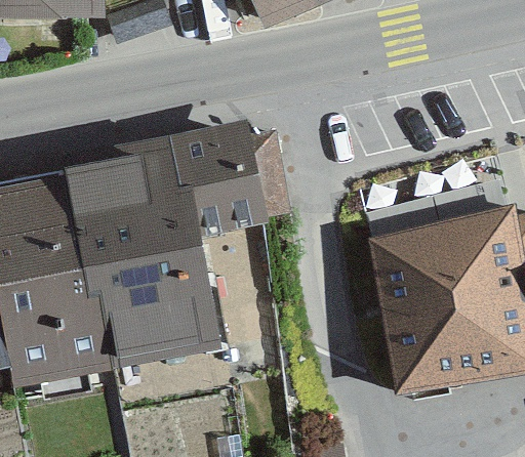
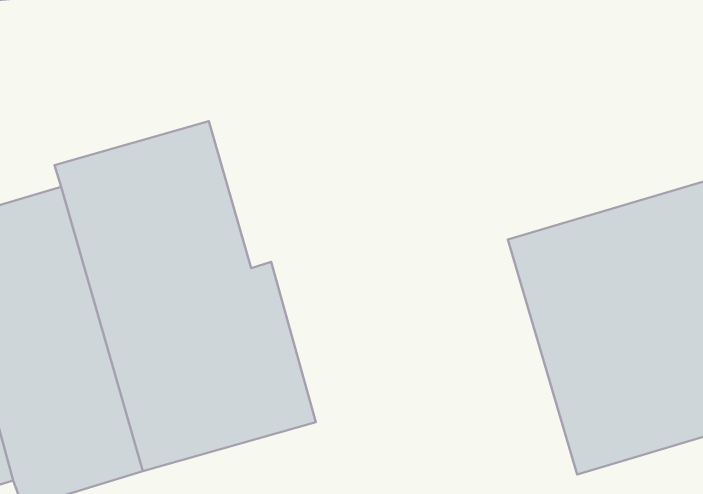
building: [169,118,270,236] -> none

